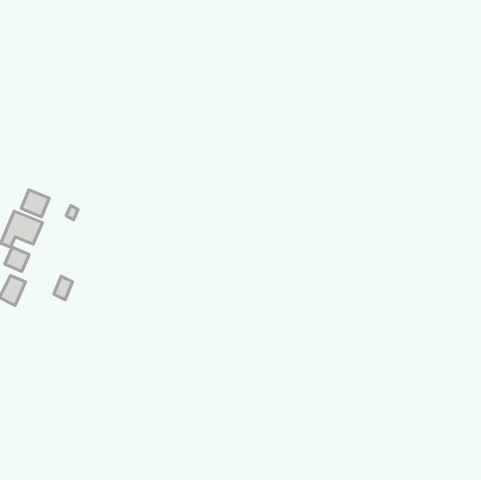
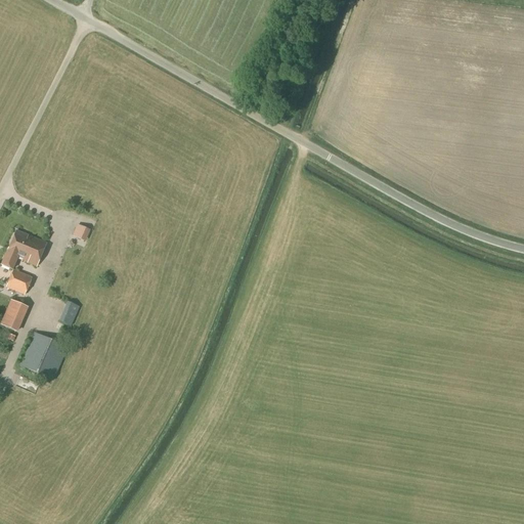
building: [21,190,49,217] -> none
building: none -> [20,332,69,380]

